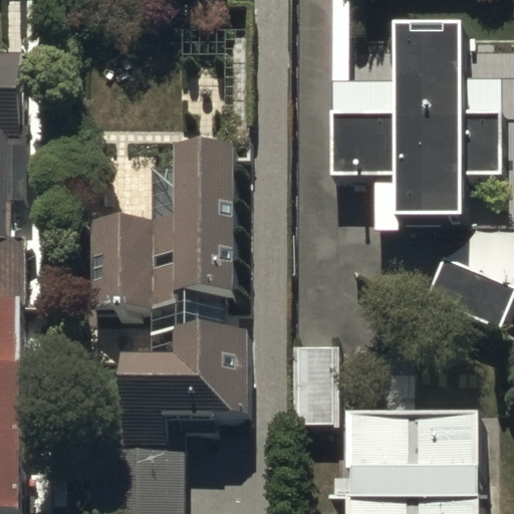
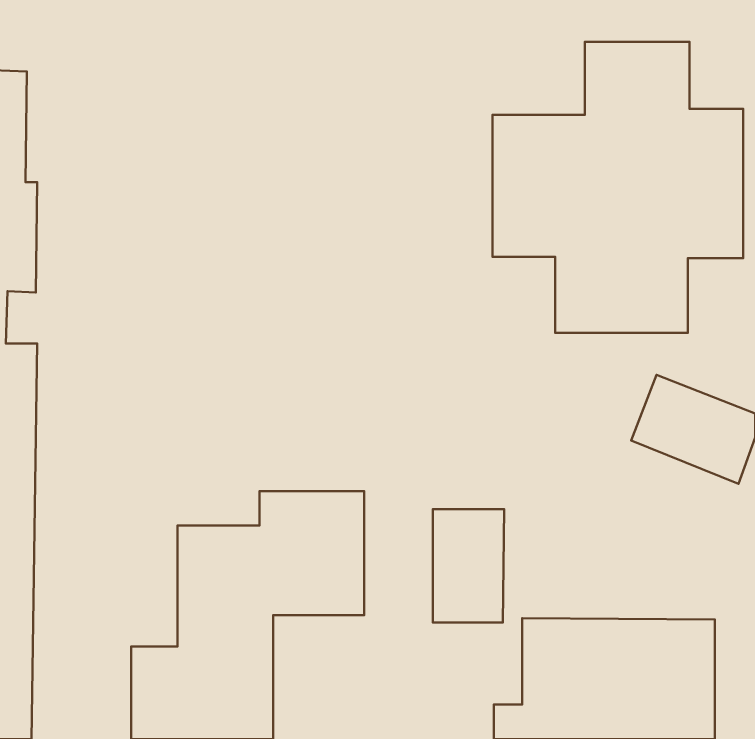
building: [87,149,235,304] -> none

